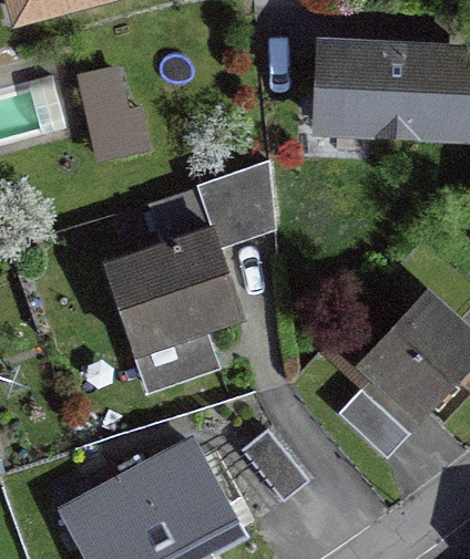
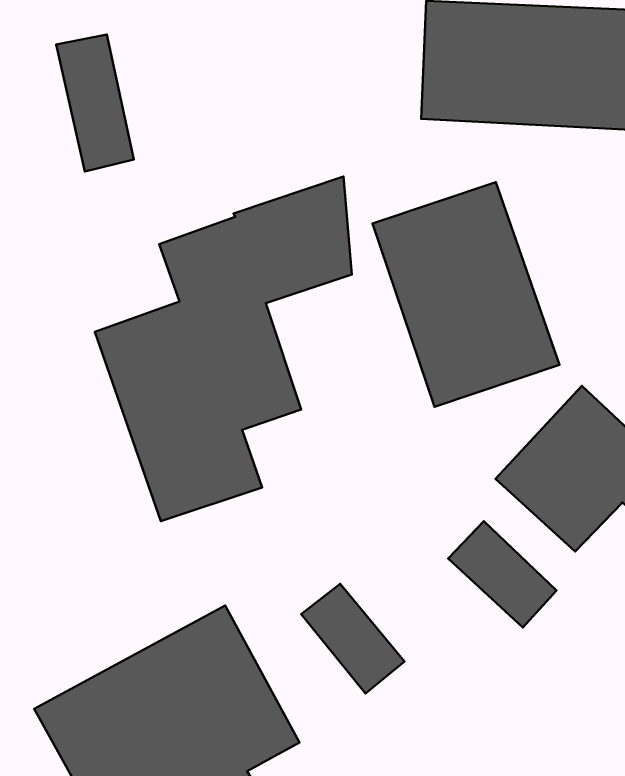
building: none -> [372,182,559,407]

